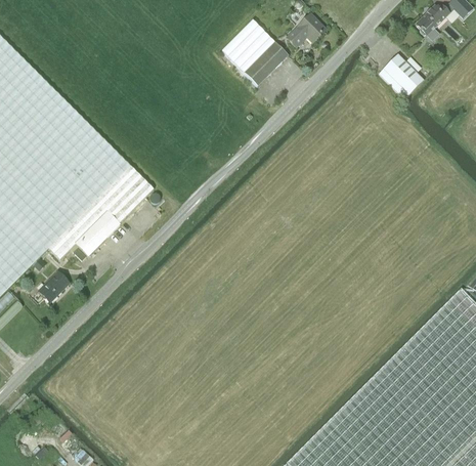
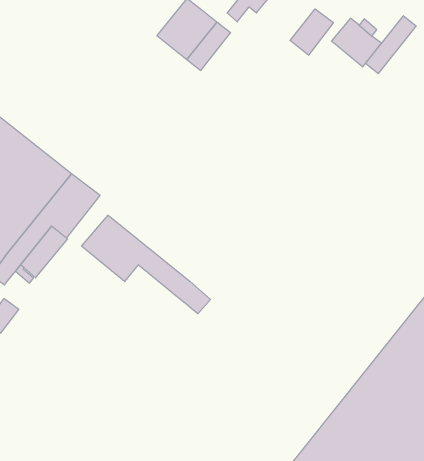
building: none -> [290,9,333,55]
building: none -> [365,16,416,74]
building: none -> [82,215,210,314]

